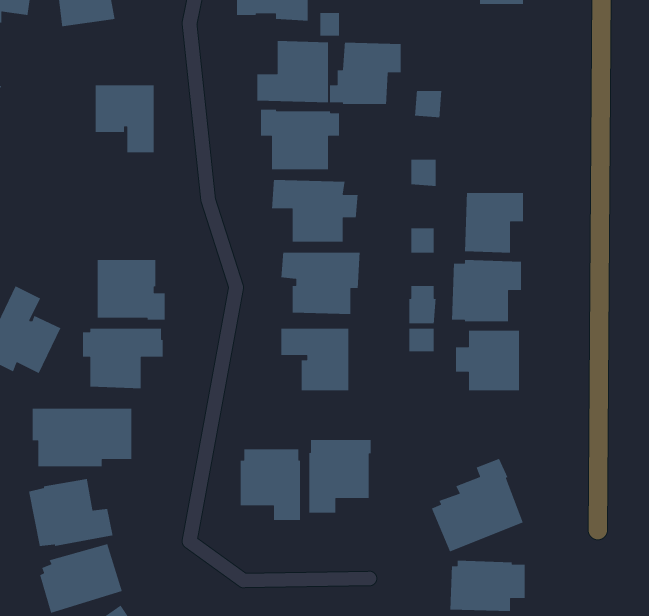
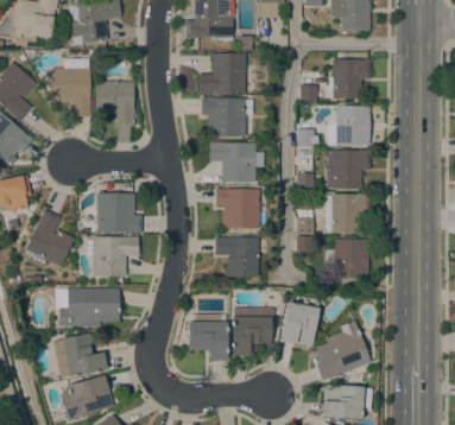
building: [329,42,402,105] -> [324,58,371,99]
building: none -> [52,57,93,116]
building: none -> [327,104,371,146]
building: none -> [282,302,320,345]

